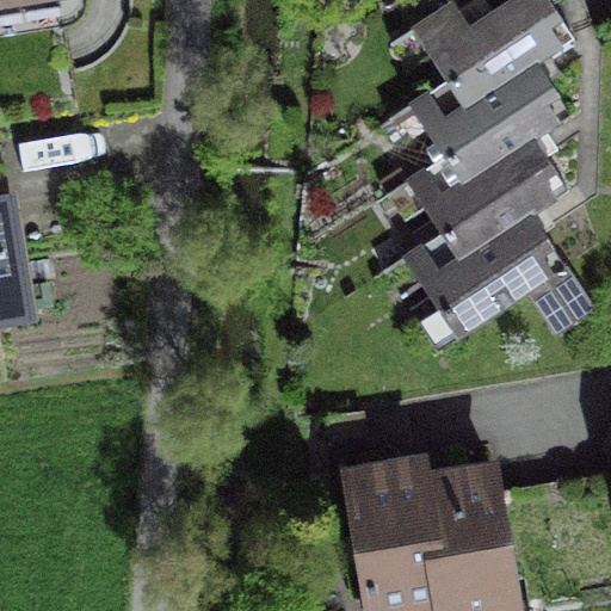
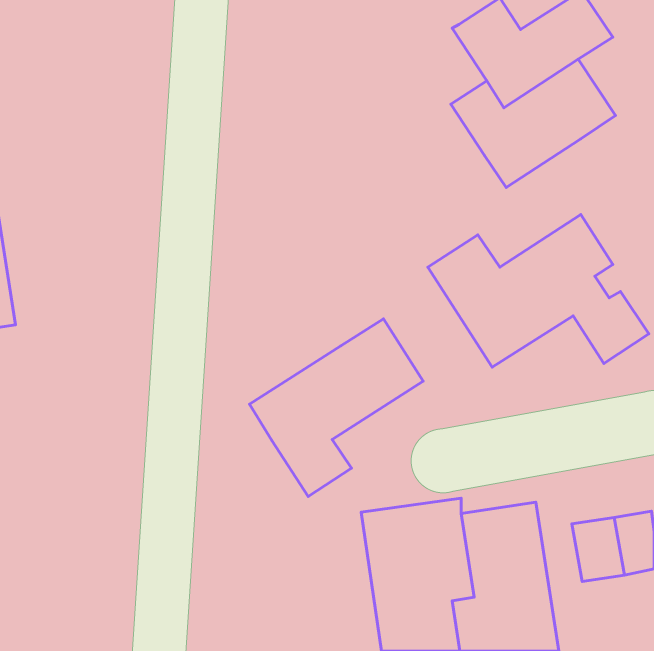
building: [412,129,573,248] -> none
building: none -> [250,319,423,497]

